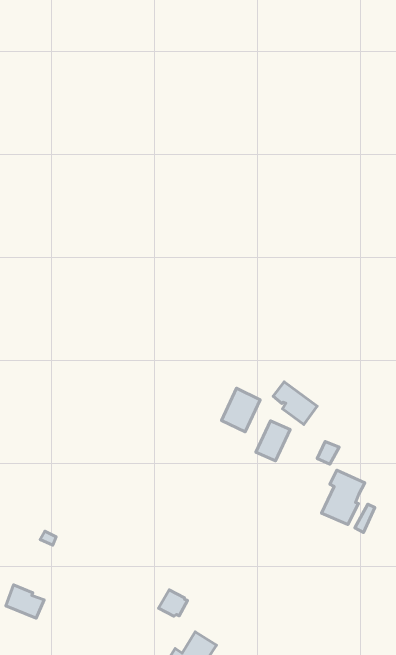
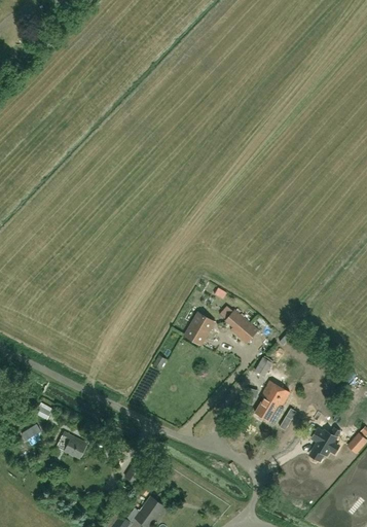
building: [256,421,290,461] -> none
building: [6,585,44,618] -> [57,431,86,458]

